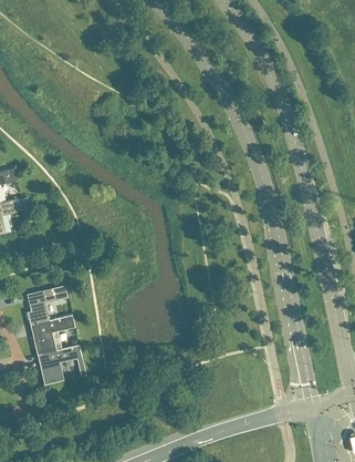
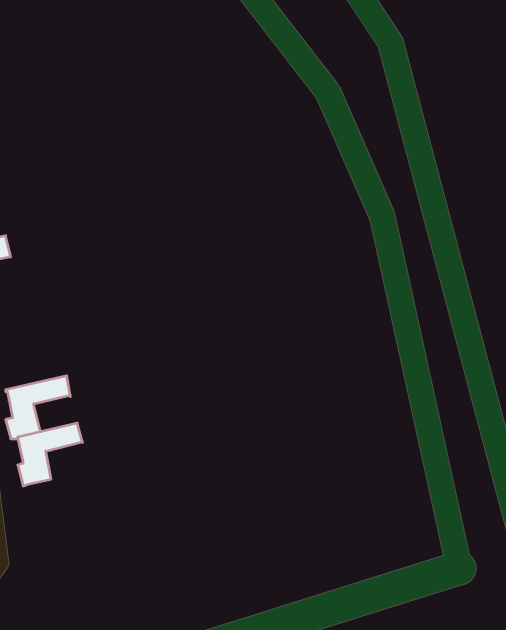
building: [41,345,82,384] -> none

